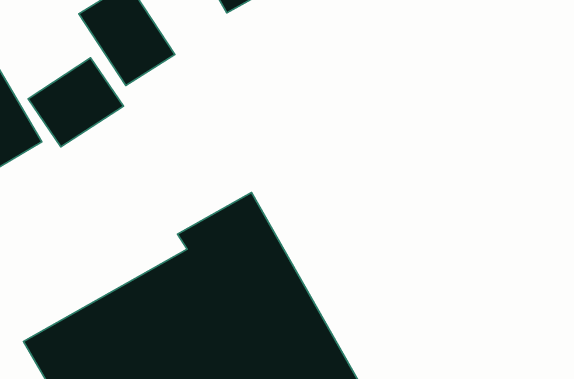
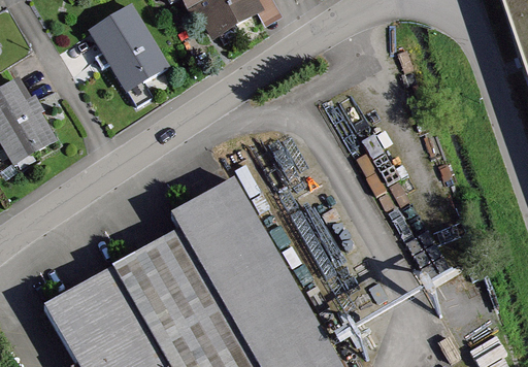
building: [28,58,123,147] -> none

